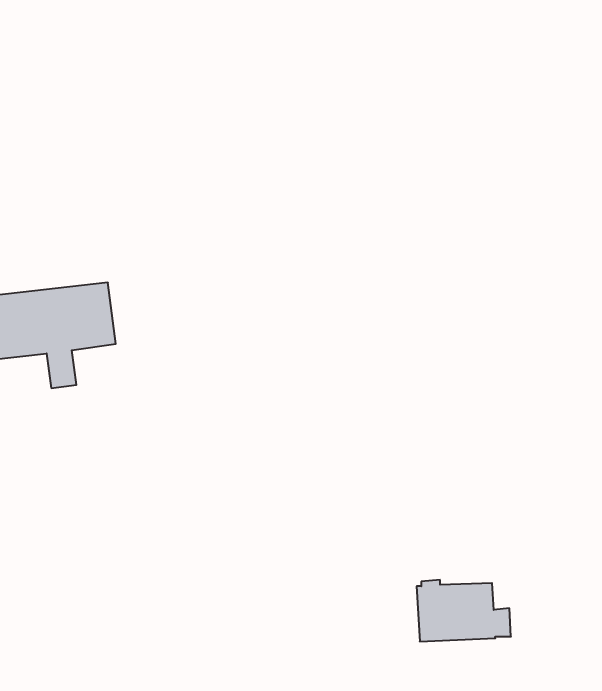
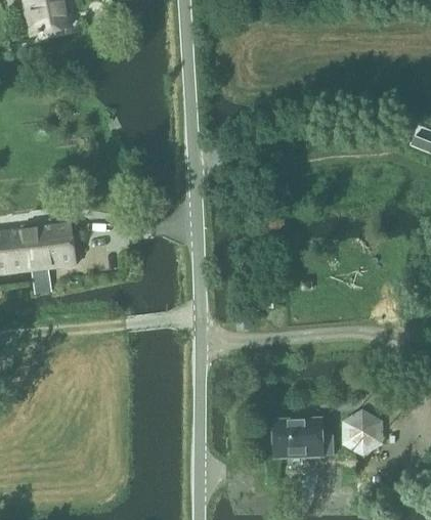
building: none -> [342,408,383,456]

